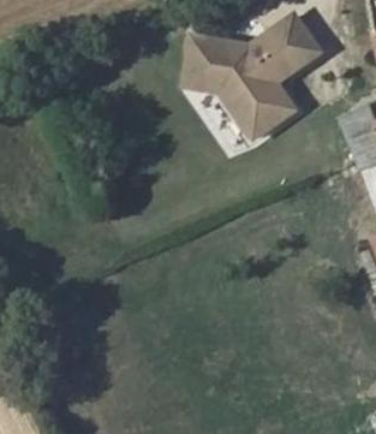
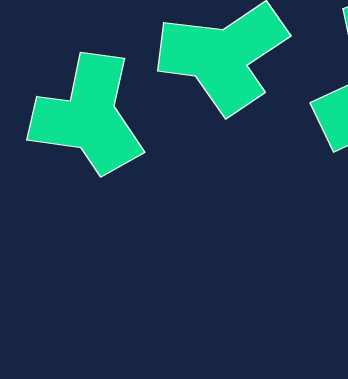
building: none -> [27,52,145,177]

